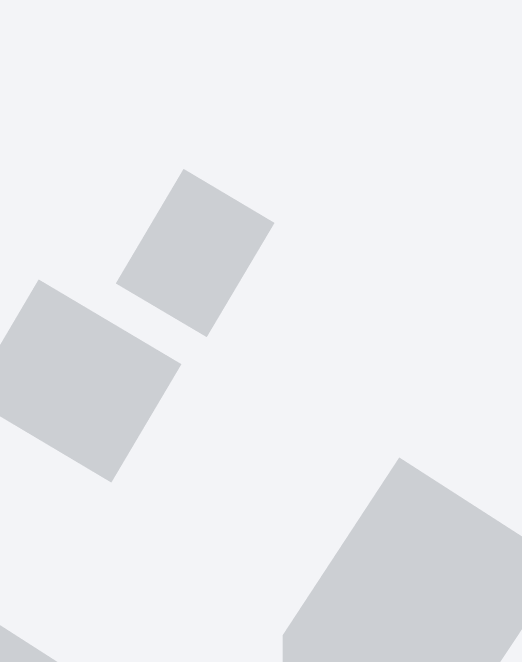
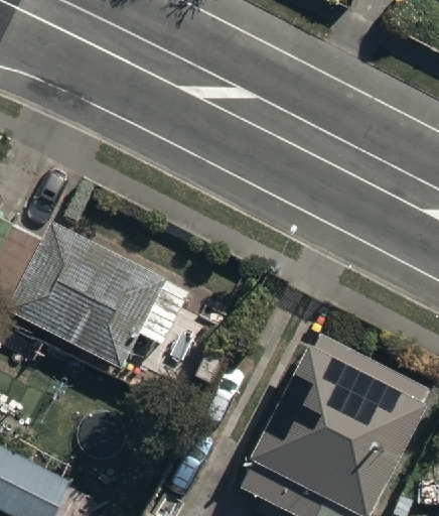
building: [115,168,275,338] -> none

